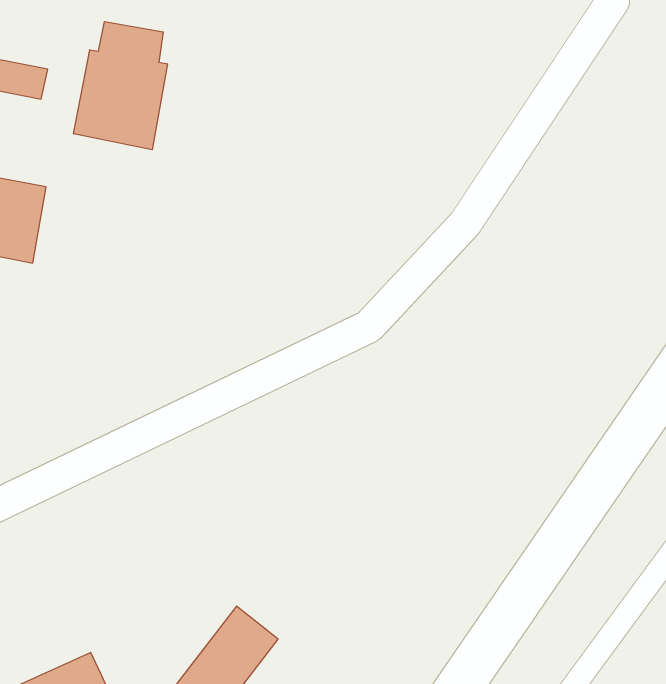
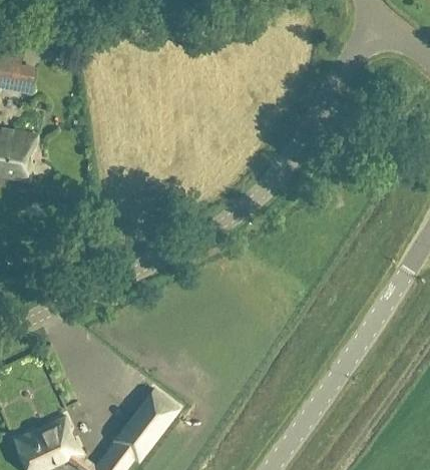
building: [74,22,167,150] -> none

